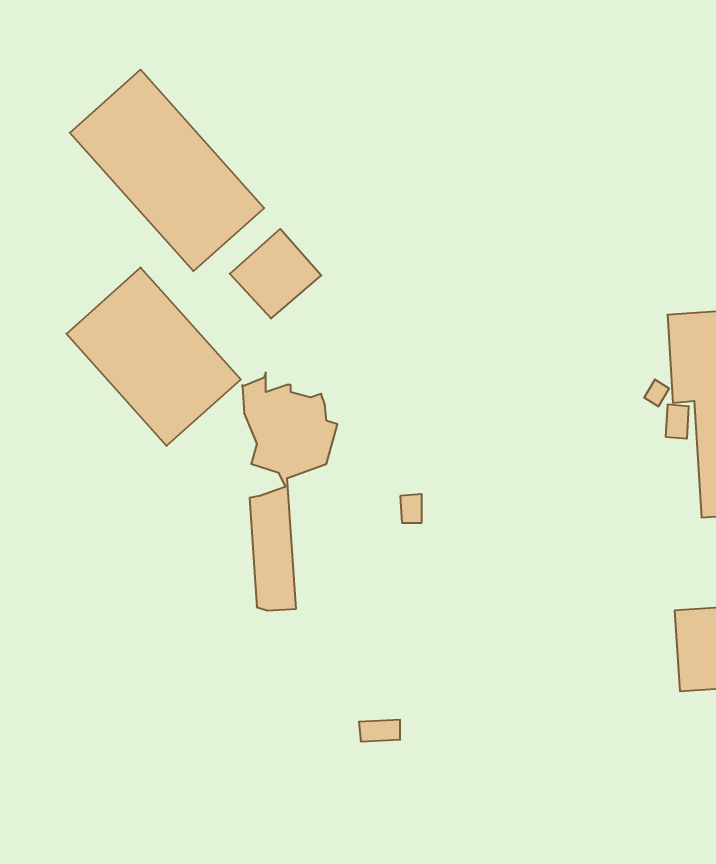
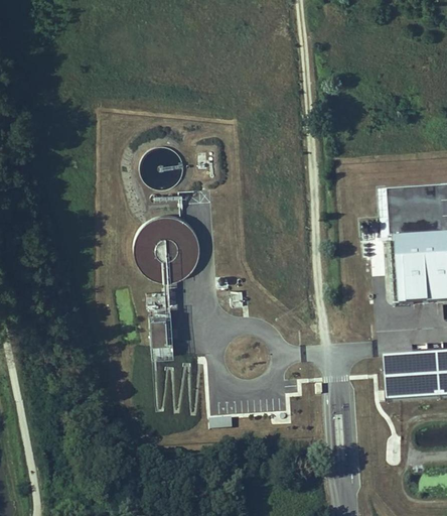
building: [70,70,264,271] -> none
building: [66,267,241,446] -> none

